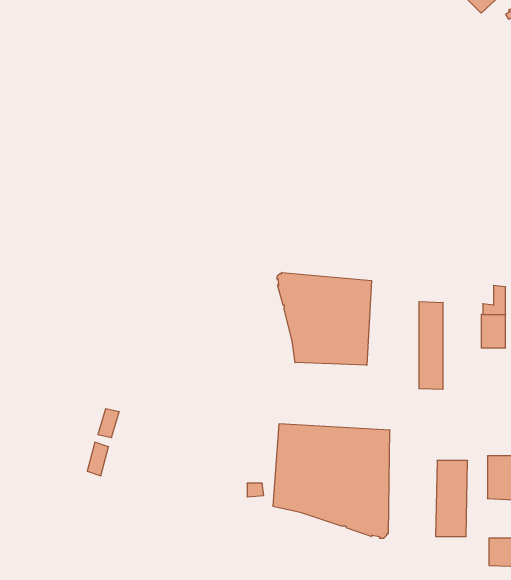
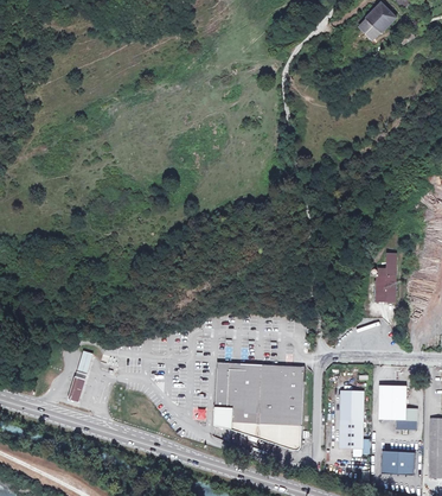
building: [277,272,371,365] -> none
building: [419,302,443,389] -> none

